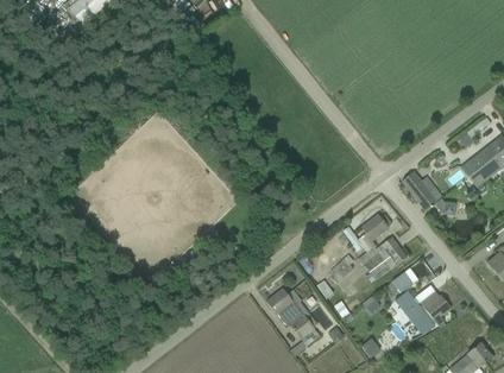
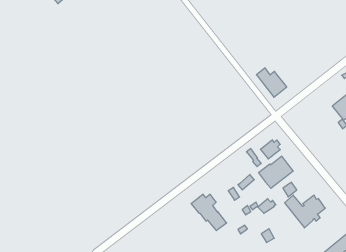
building: [403,170,445,210] -> [256,68,287,97]

